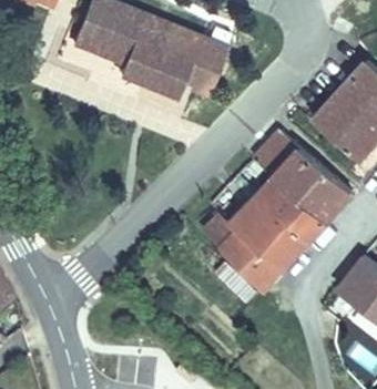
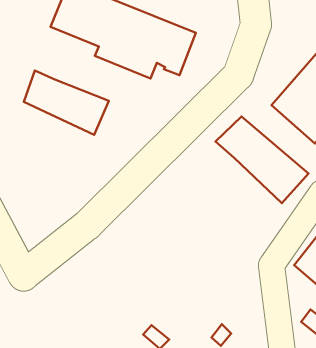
building: none -> [24,71,109,135]
building: [198,180,323,296] -> none

